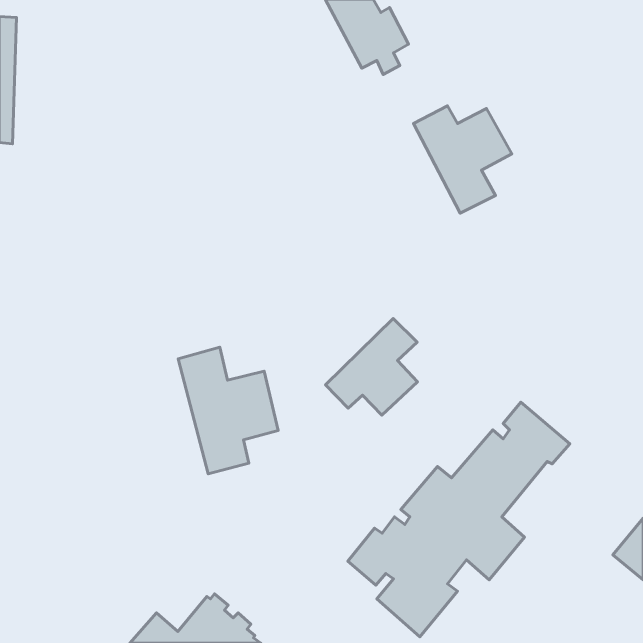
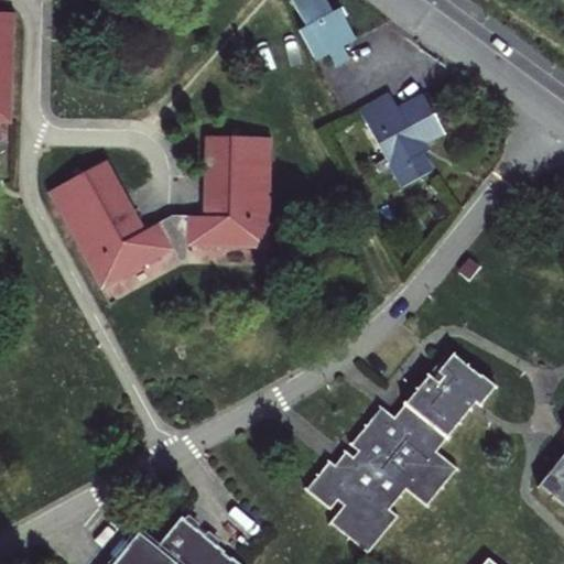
building: none -> [44,134,267,290]
building: [325,318,418,415] -> none
building: [178,347,278,474] -> none

